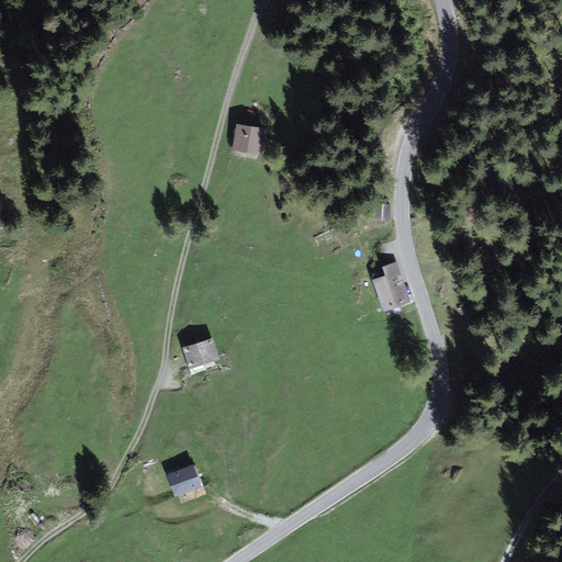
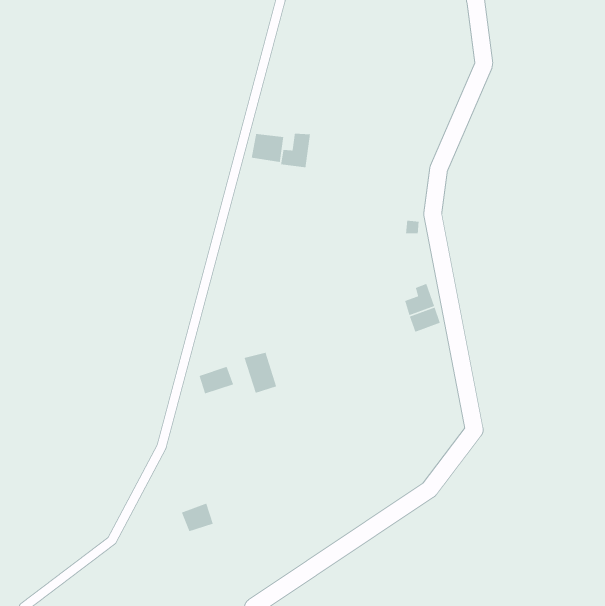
building: none -> [280,133,311,168]
building: none -> [244,352,277,394]

